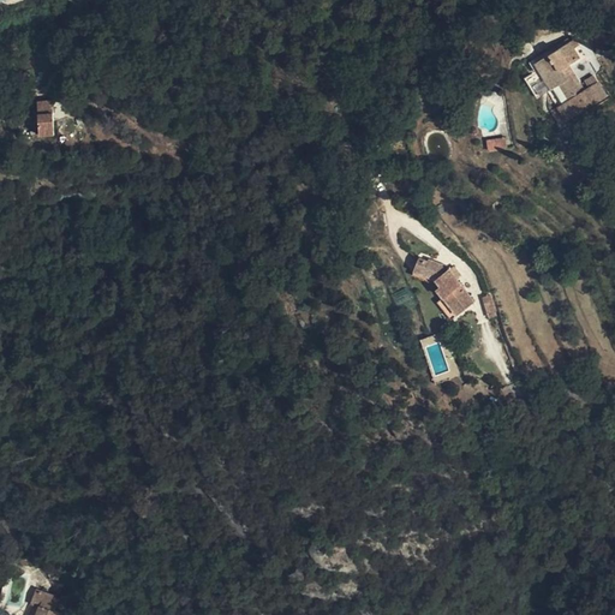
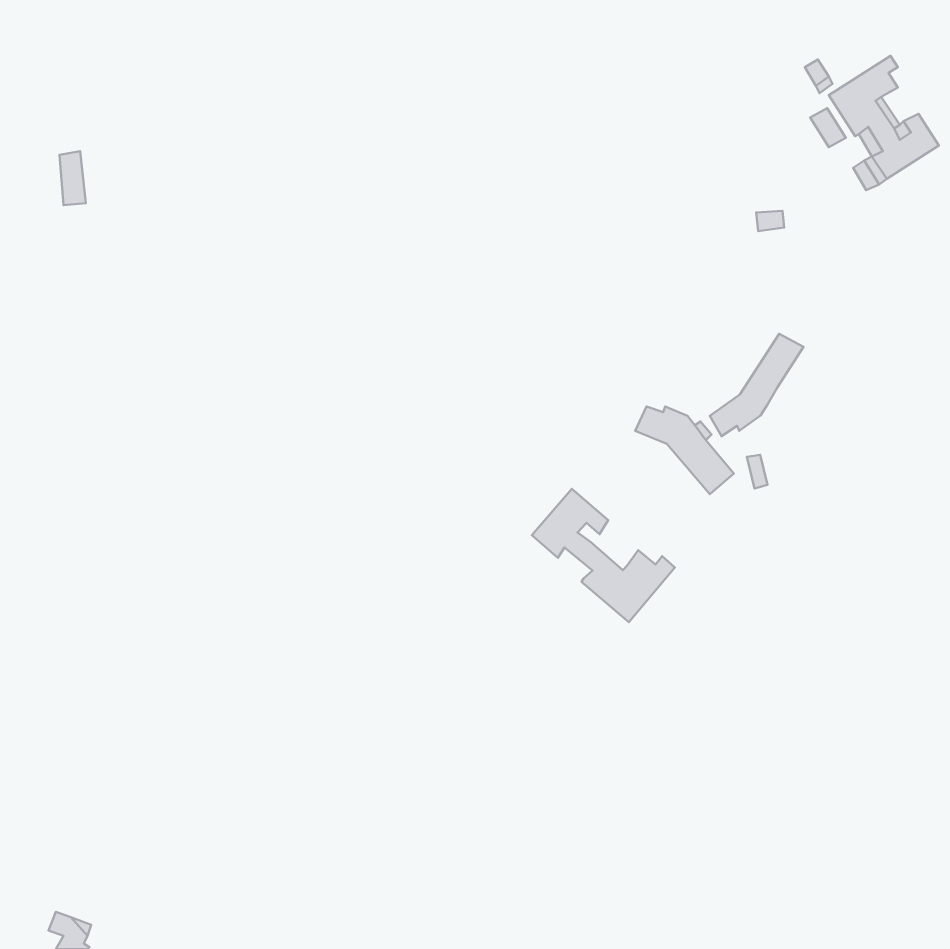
building: none -> [710,334,803,436]
building: none -> [532,489,675,622]

